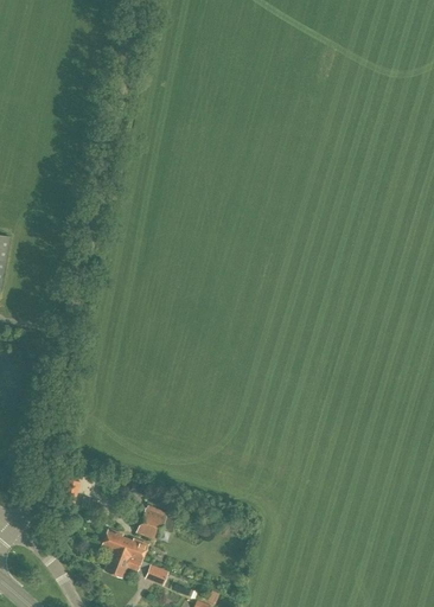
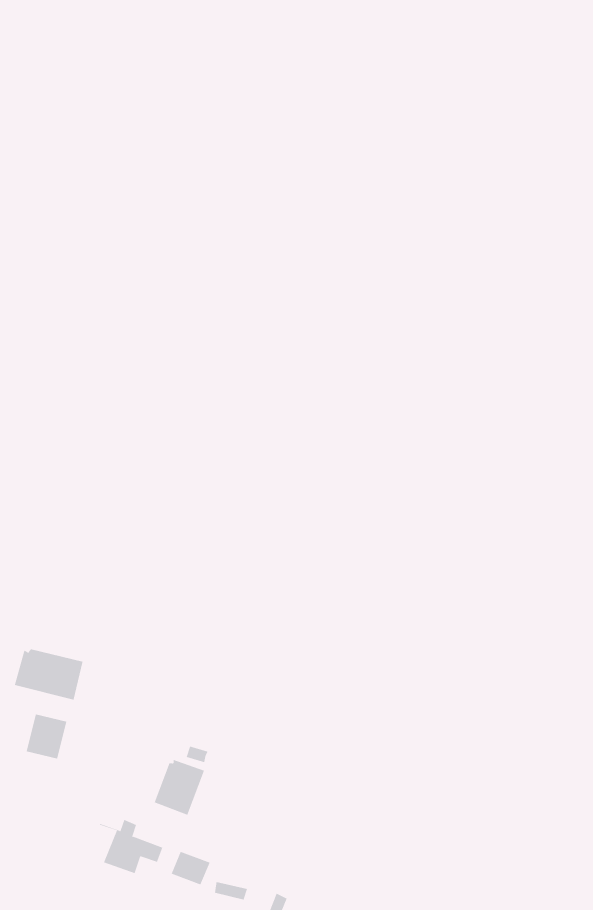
building: none -> [14,648,83,700]
building: [100,528,147,561] -> none

